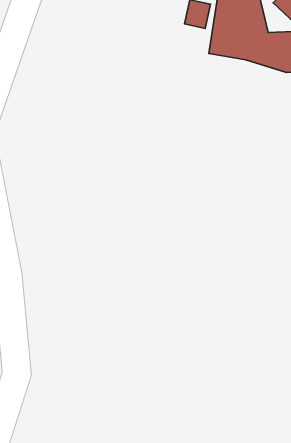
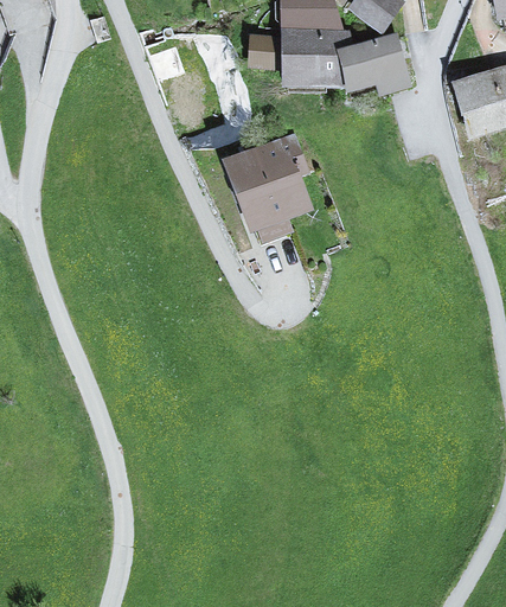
building: none -> [226,141,308,234]

